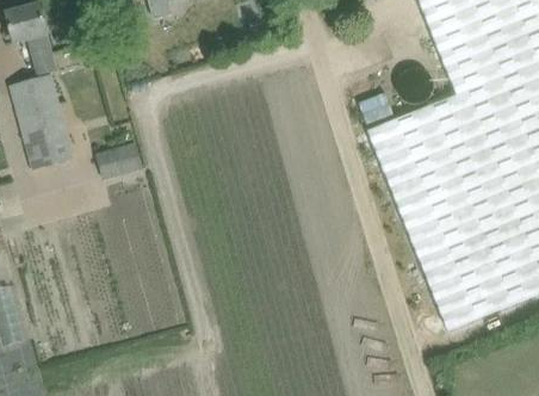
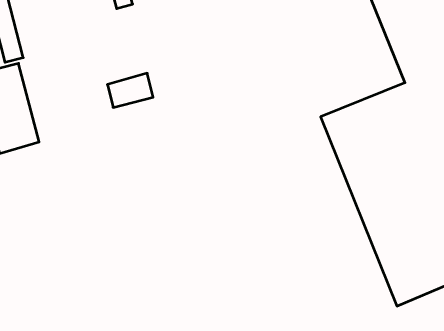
building: [94,143,142,179] -> [107,73,153,107]

